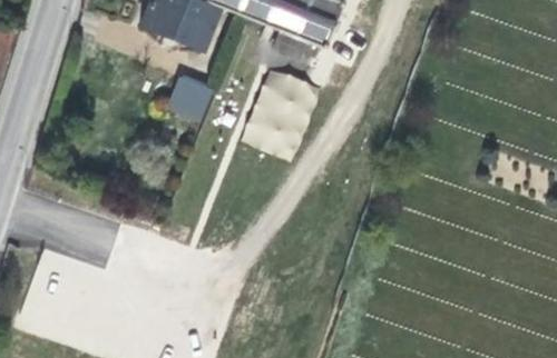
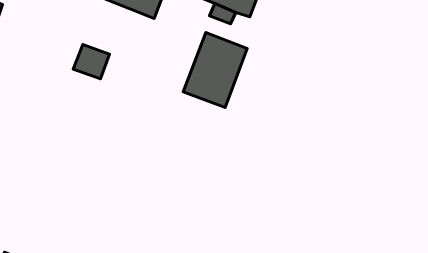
building: [167,76,213,119] -> [73,44,109,79]

